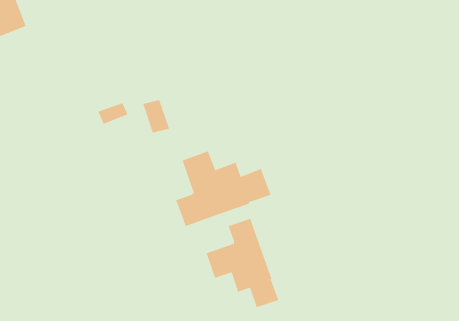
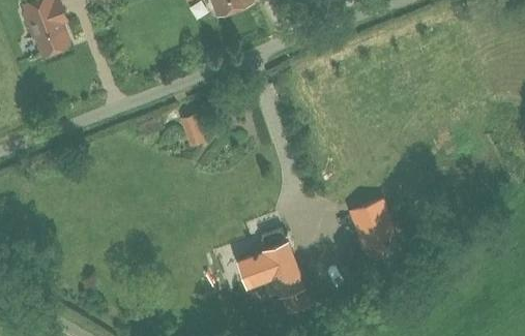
building: [175,150,271,227] -> none
building: none -> [351,201,400,259]

